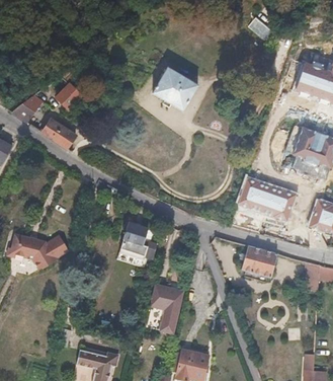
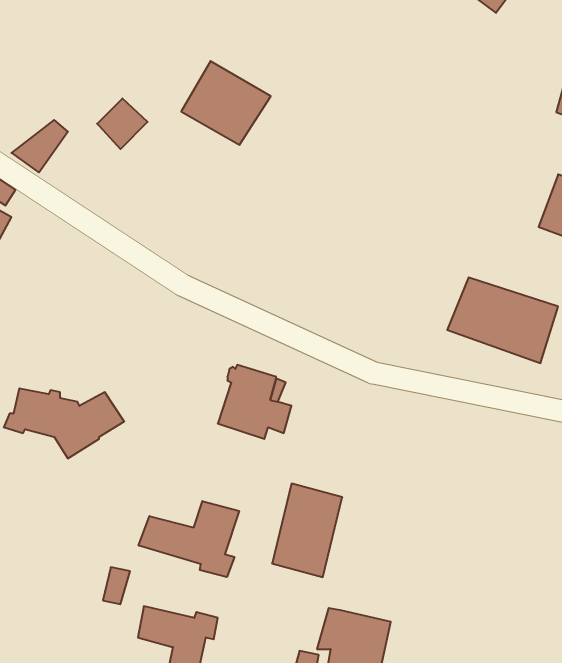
building: [154,66,200,109] -> [181,61,271,145]
building: [41,119,75,148] -> none
building: [242,245,277,278] -> none
building: none -> [139,501,239,577]

